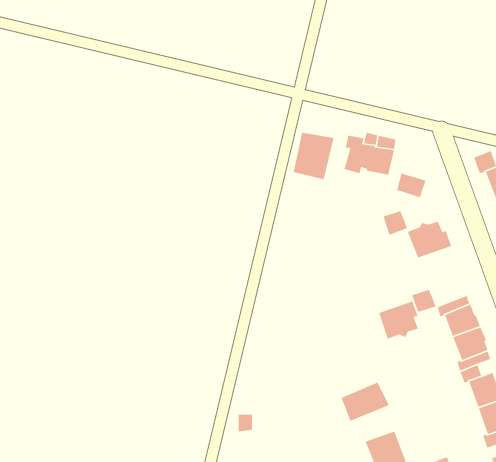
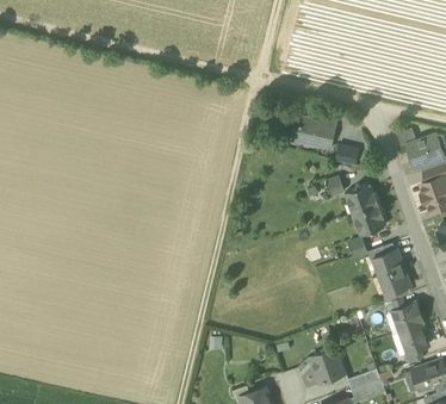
building: [293,132,334,180] -> none
building: [378,301,419,340] -> [353,205,385,236]
building: [340,381,390,422] -> none

